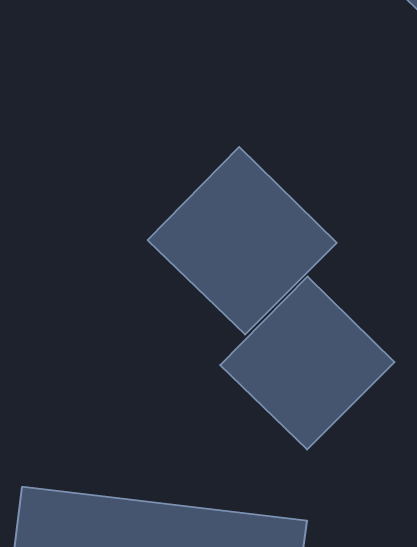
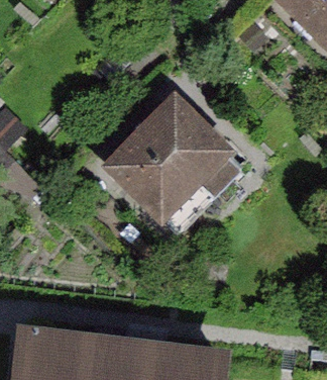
building: [220,276,395,450] -> none

